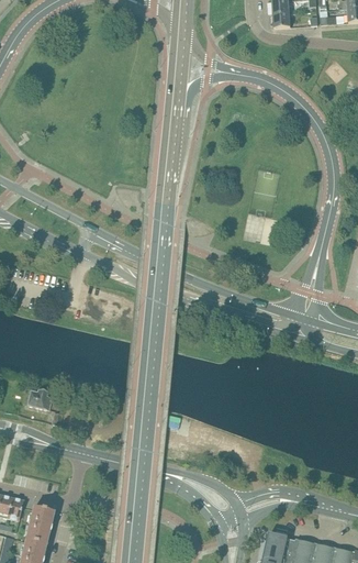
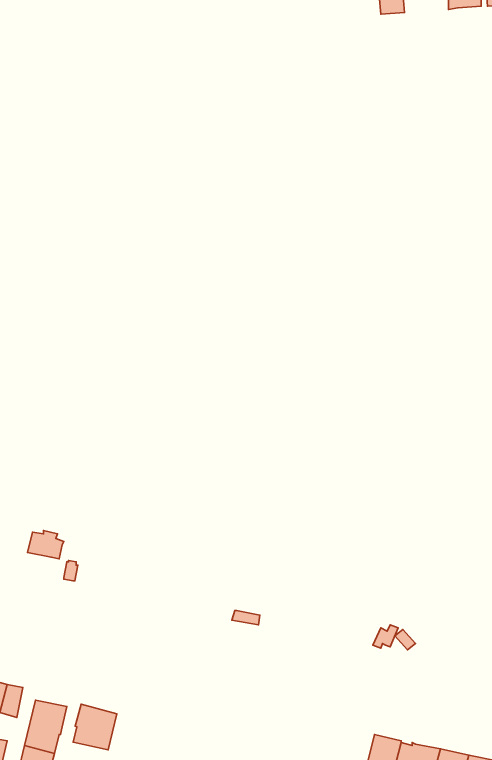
building: none -> [73,704,117,750]

